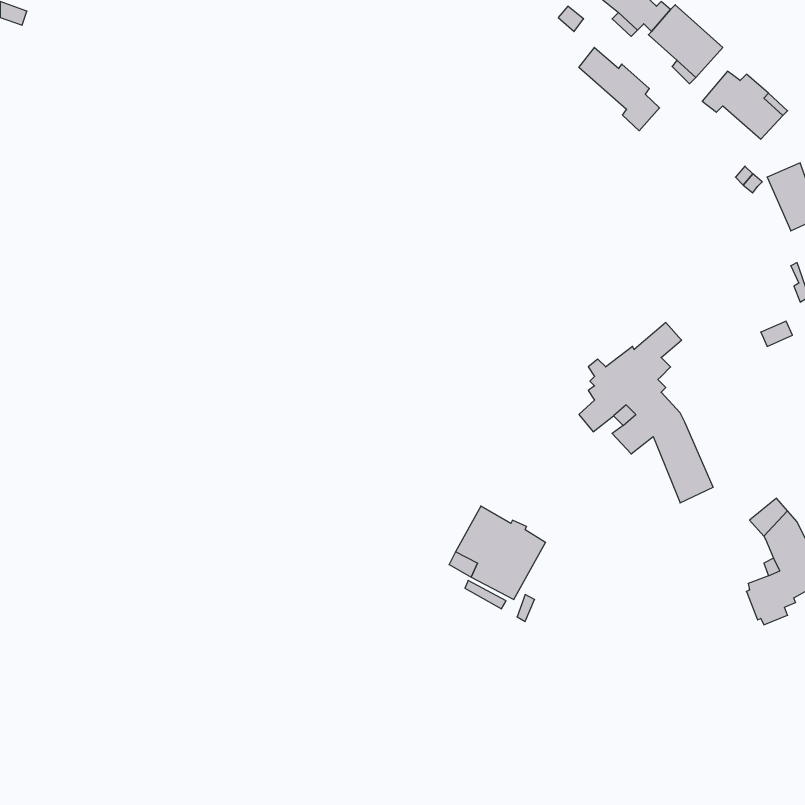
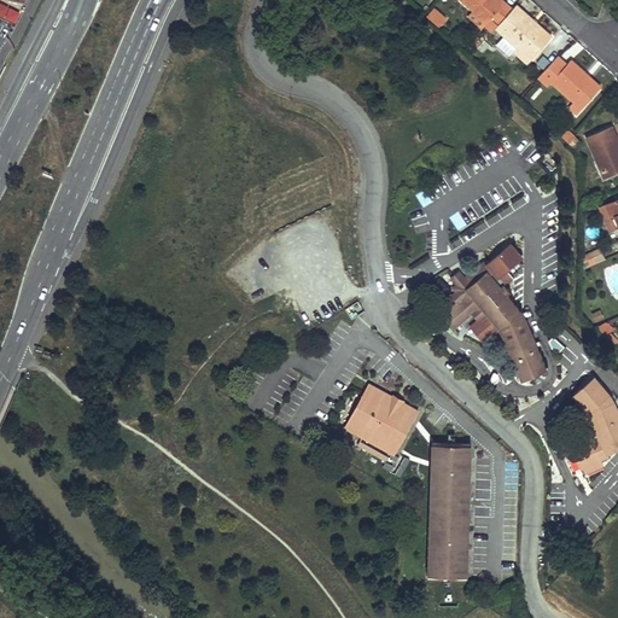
building: [579,47,660,131] -> none
building: none -> [430,448,472,579]

